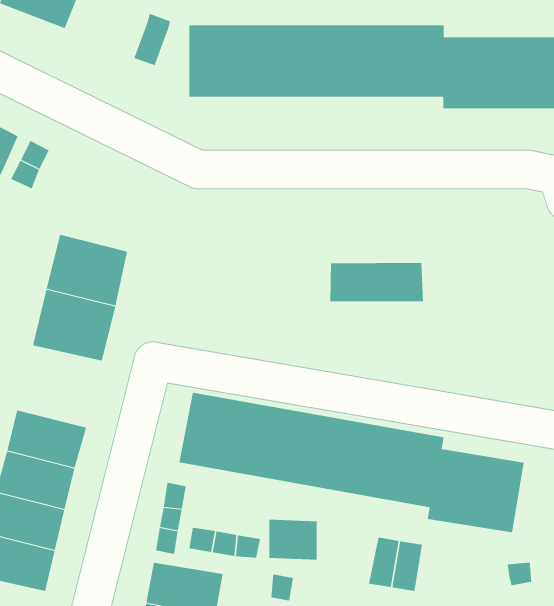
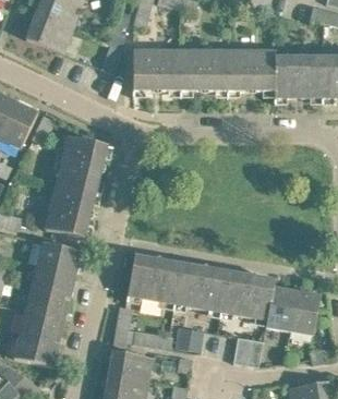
building: none -> [60,135,106,177]
building: [330,262,424,302] -> none
building: none -> [36,242,81,275]

